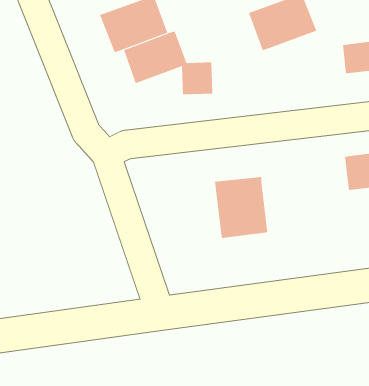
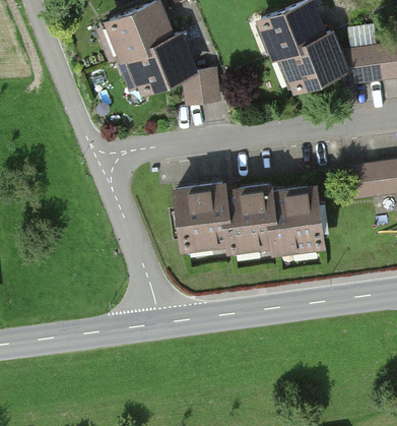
building: none -> [278,35,344,88]
building: none -> [170,186,226,248]
building: none -> [269,186,322,248]

